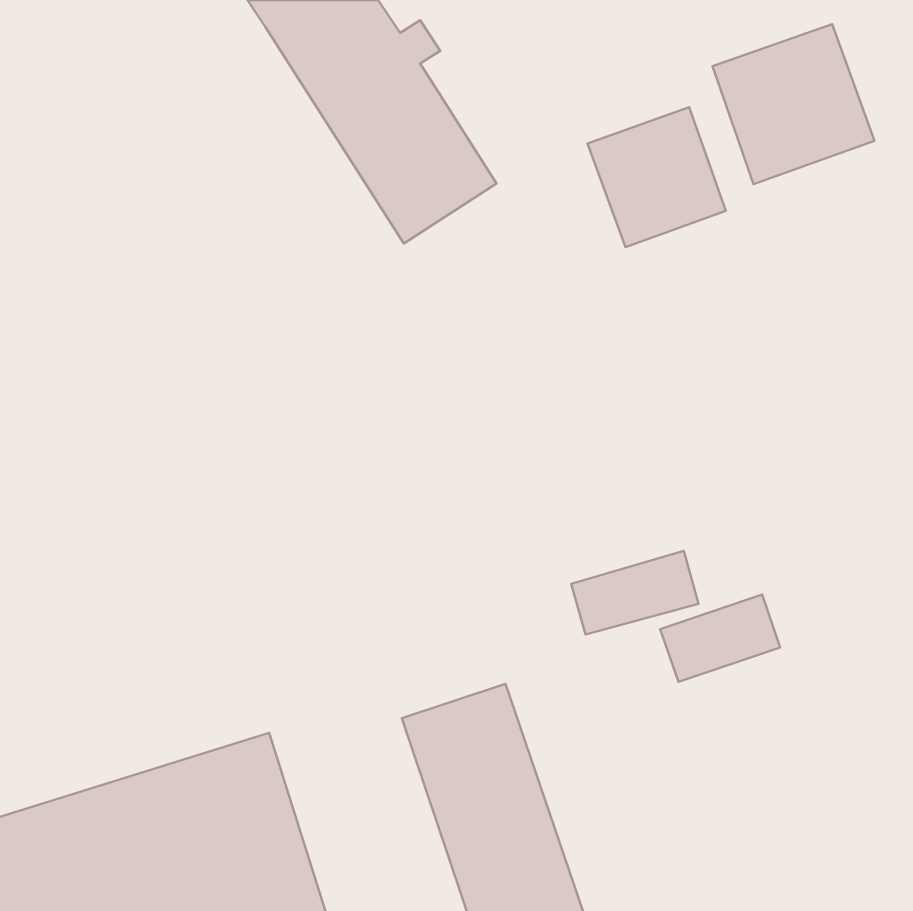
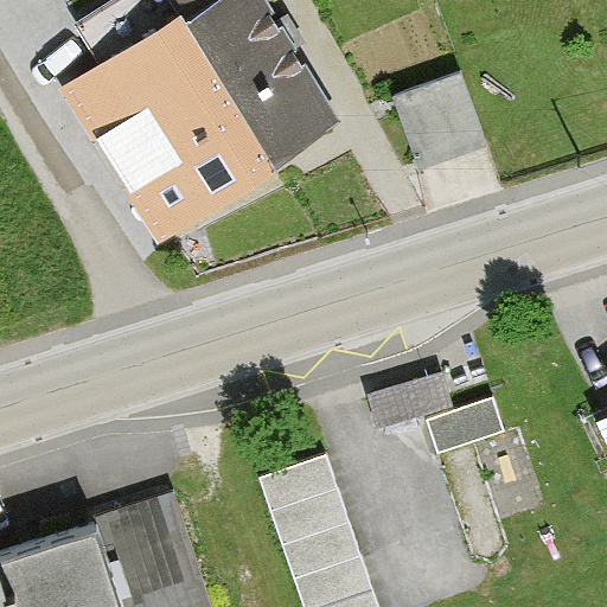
building: [713,24,875,184] -> none
building: none -> [63,30,263,239]

